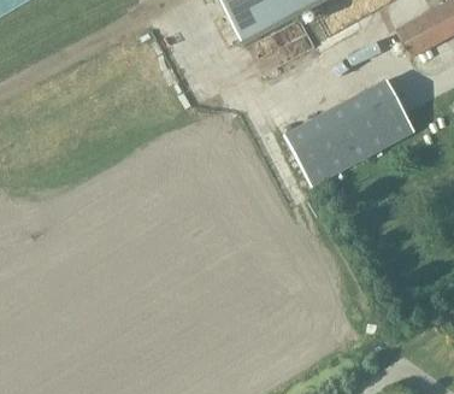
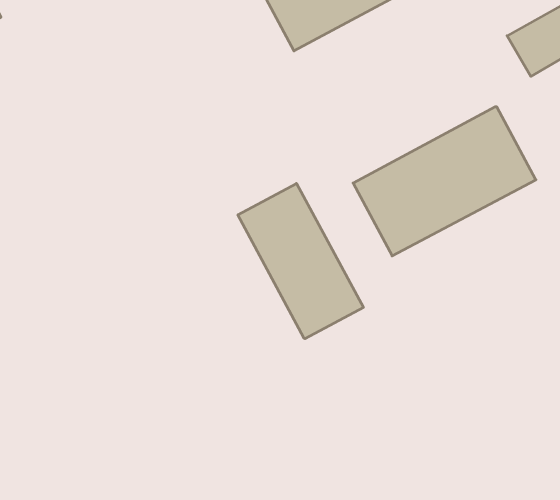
building: none -> [238,183,363,339]

